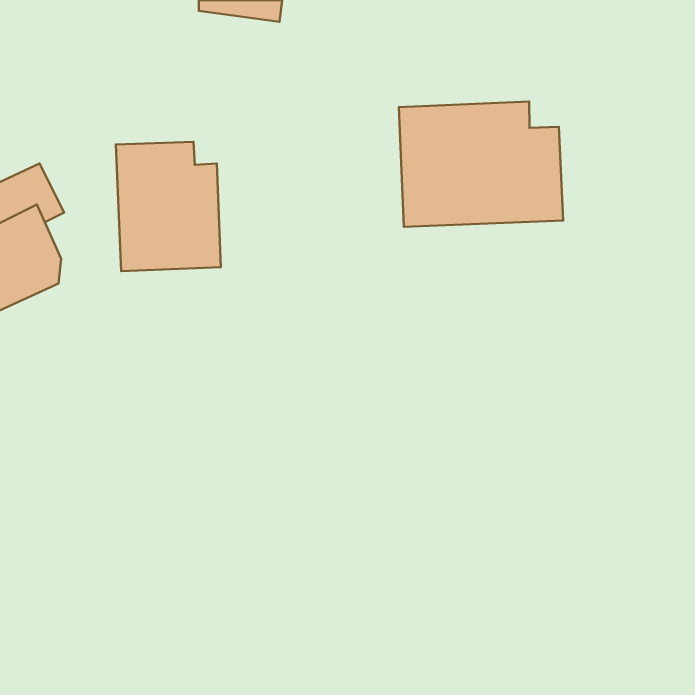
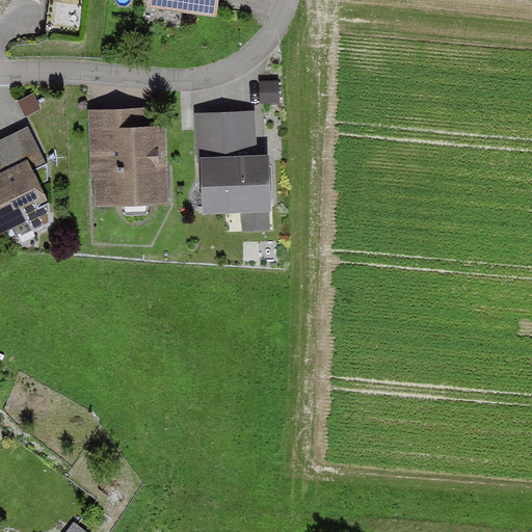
building: [399,101,563,227] -> none
building: none -> [195,110,268,212]

